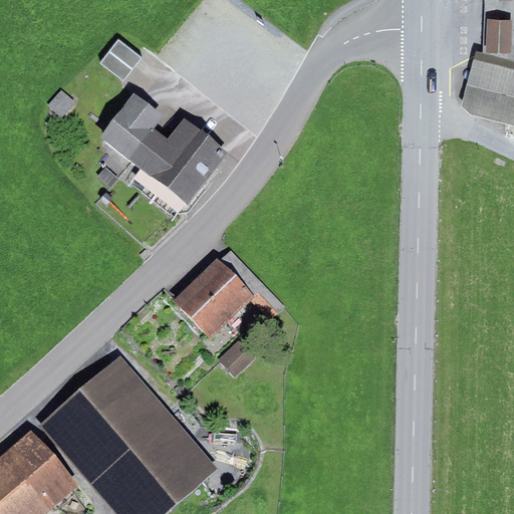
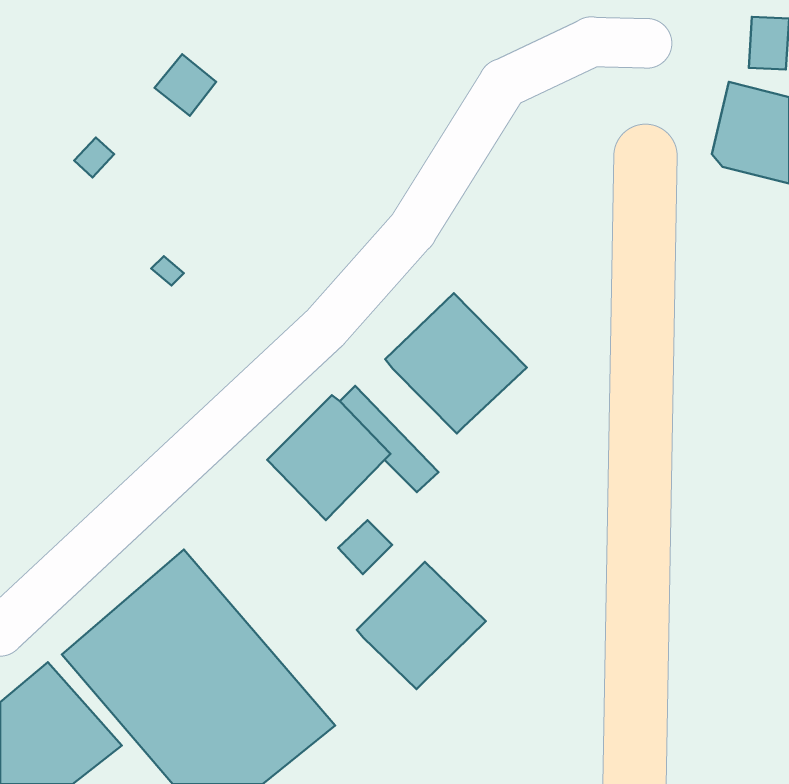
building: [101,95,228,206] -> none
building: none -> [385,293,527,433]
building: none -> [357,562,486,689]

